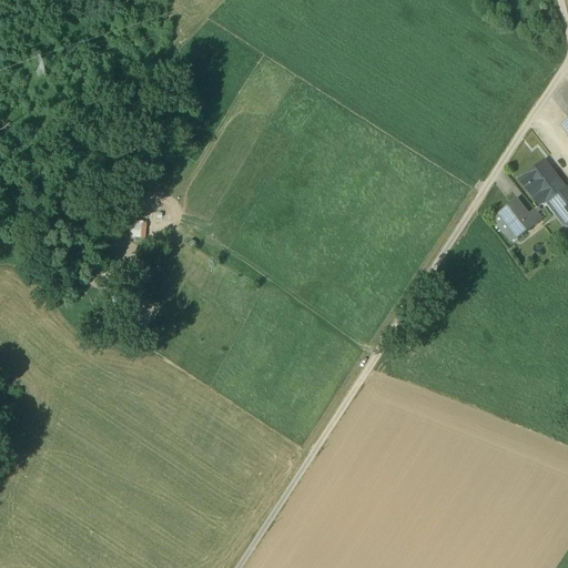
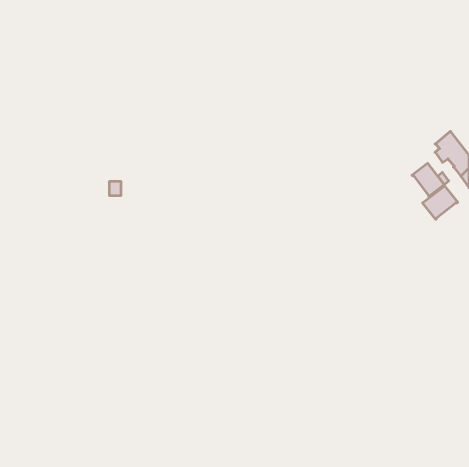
building: none -> [423,186,458,219]

